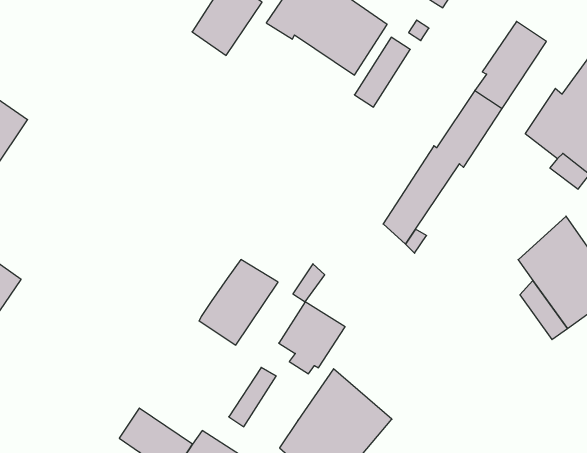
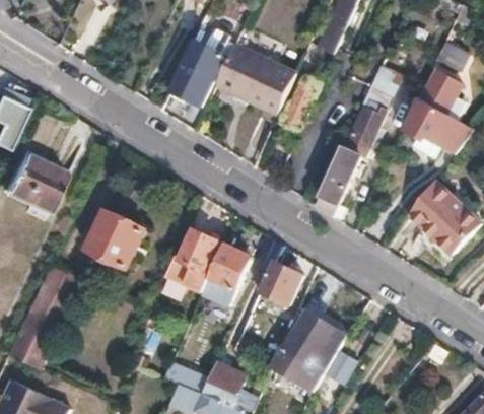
building: none -> [86,211,144,268]
building: none -> [166,229,217,290]

